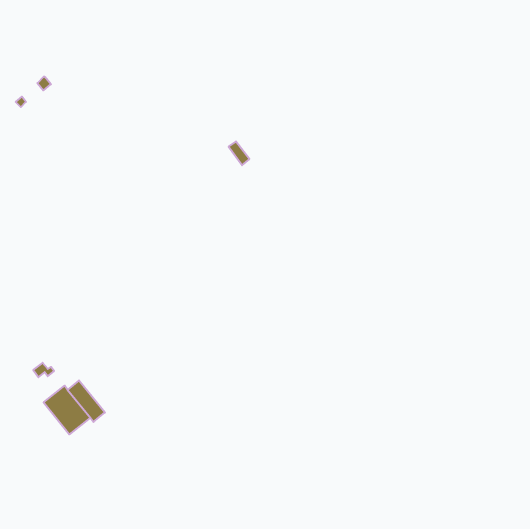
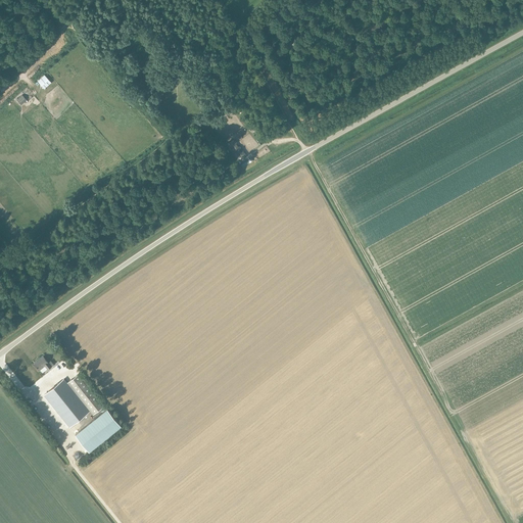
building: none -> [75,411,120,454]

